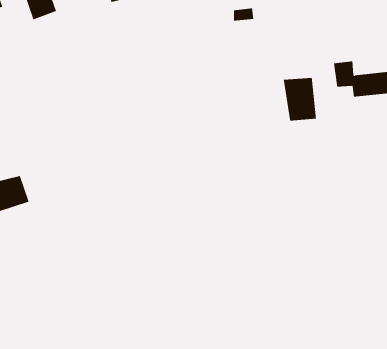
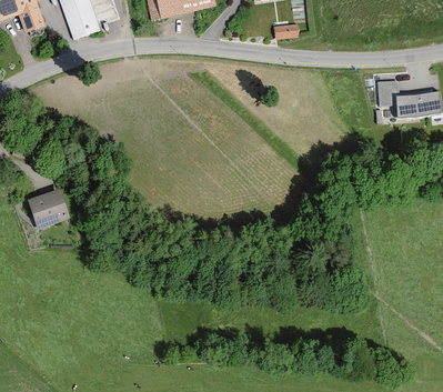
building: [283,77,317,121] -> none

